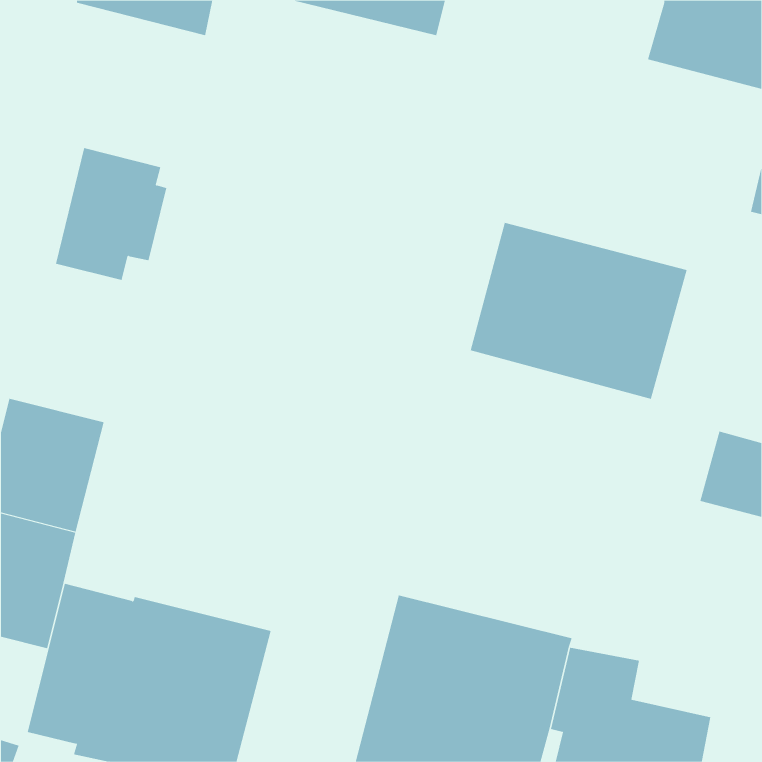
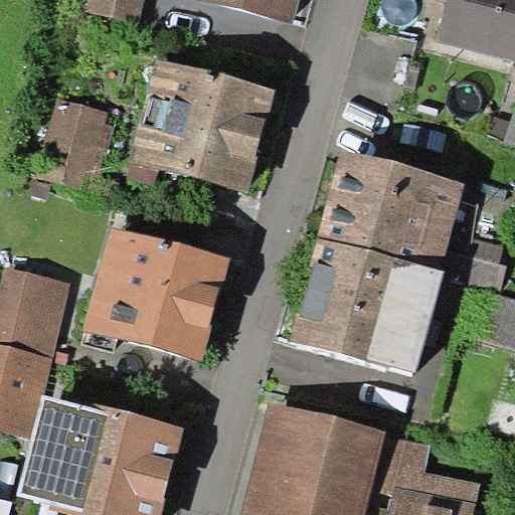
building: none -> [132,59,275,191]
building: none -> [84,226,230,360]
building: none -> [290,236,445,373]

